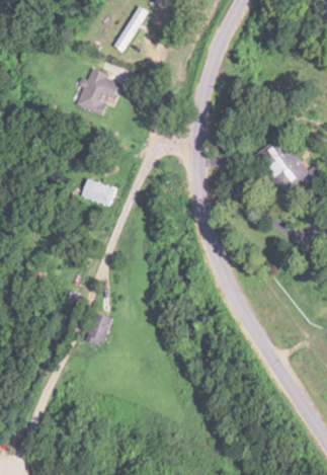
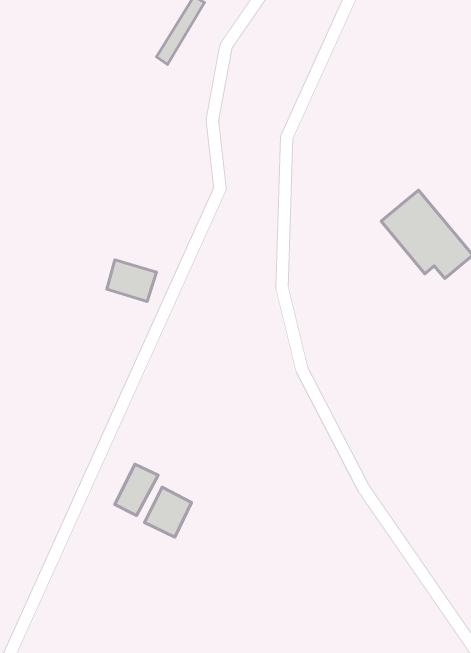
building: [75,68,120,116] -> none
building: none -> [144,487,191,537]

